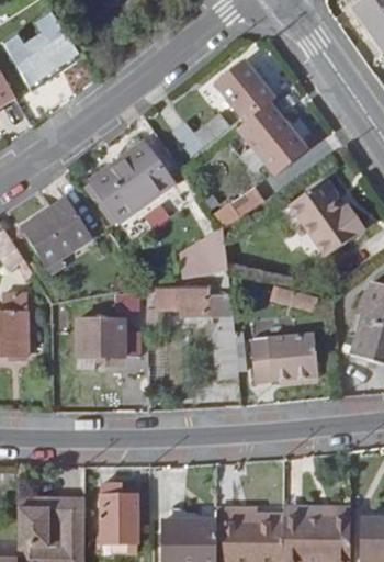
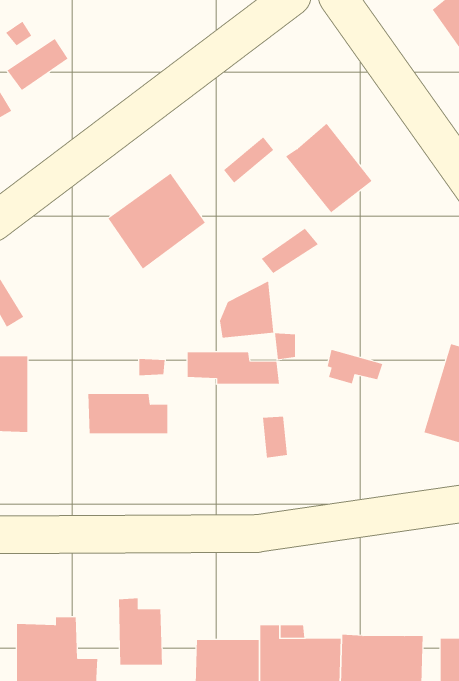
building: [216,59,276,122] -> none
building: [290,179,363,255] -> none
building: [21,198,93,267] -> none
building: [250,333,320,383] -> none
building: [18,498,84,538] -> none

